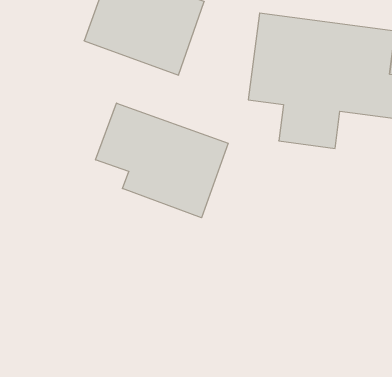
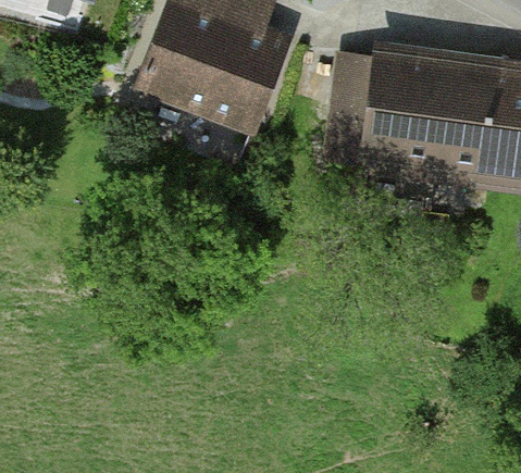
building: [96,103,228,218] -> none

